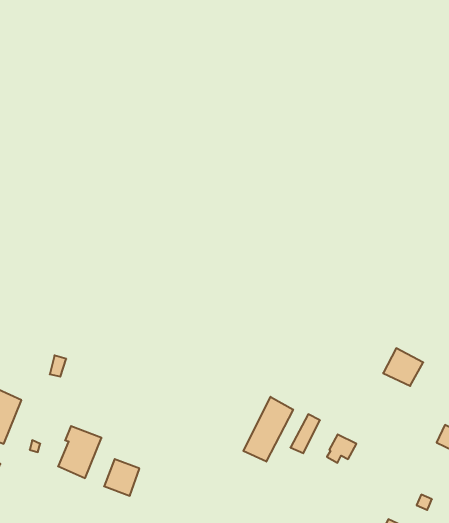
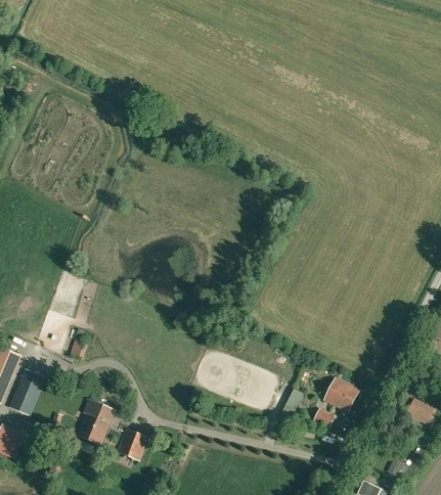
building: [383,348,423,386] -> [323,378,358,411]
building: [243,397,293,462] -> none

